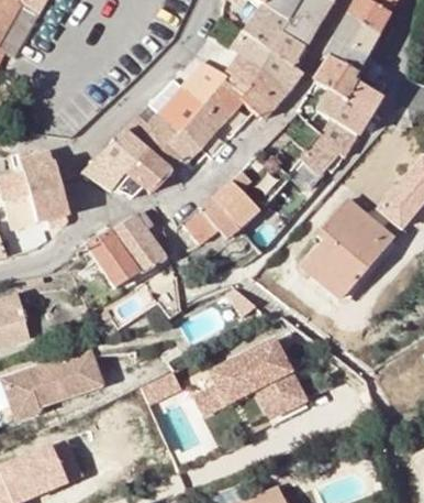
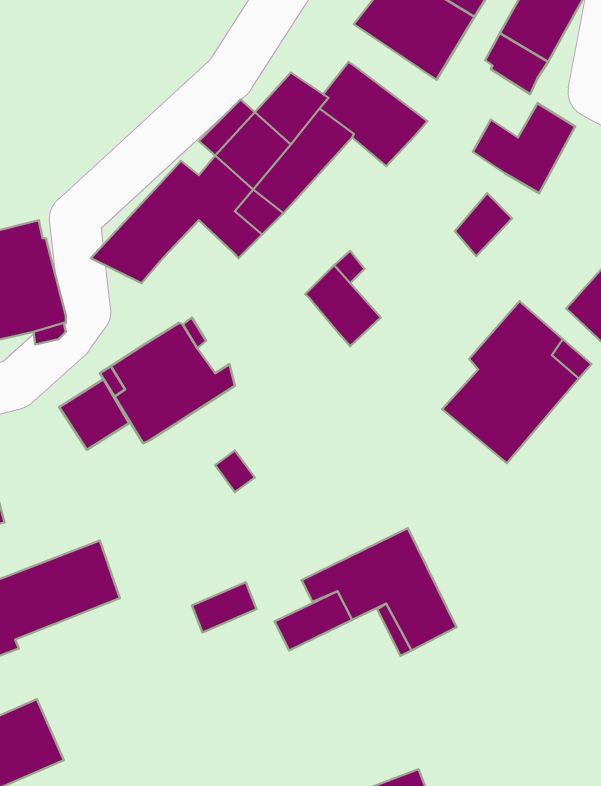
building: [233,31,305,90] -> none
building: [315,58,357,100] -> none
building: [119,151,171,199] -> none
building: [187,198,235,244] -> none
building: none -> [59,379,129,450]

